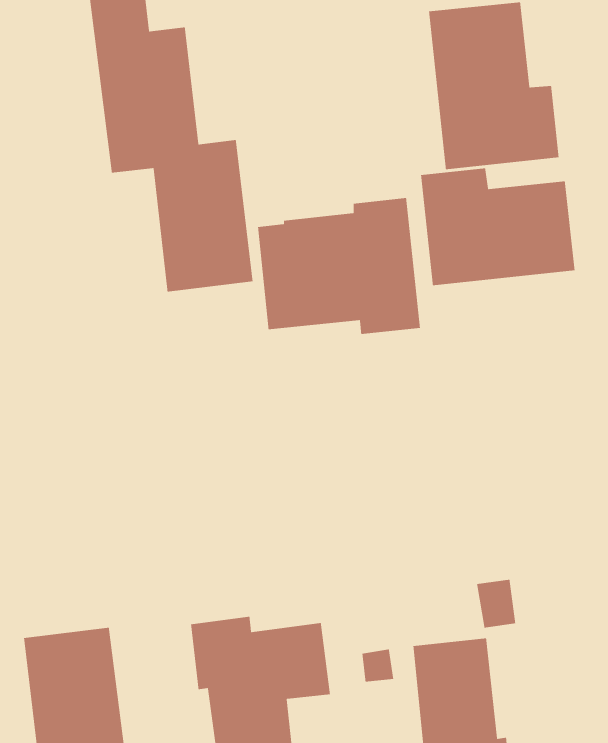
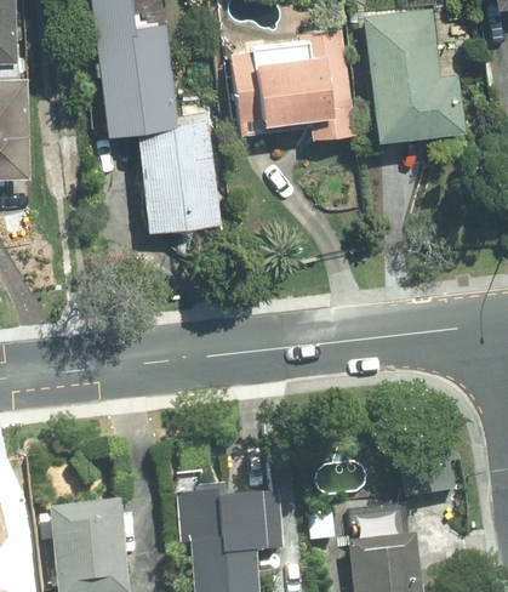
building: [420,167,576,286] -> none
building: [257,197,421,335] -> [226,29,354,137]

